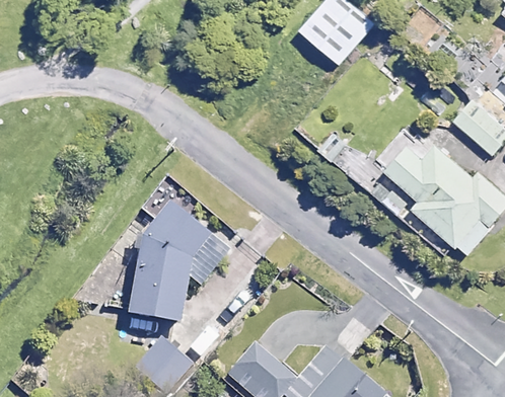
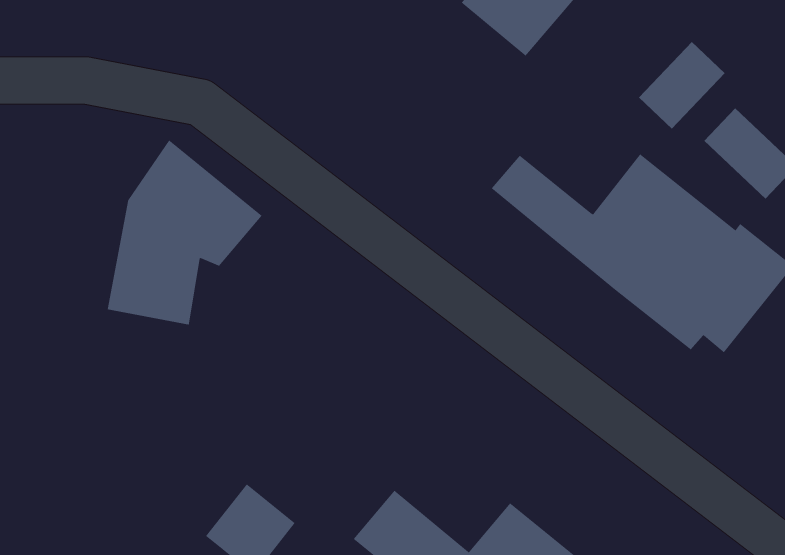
building: none -> [638,41,726,130]
building: [127,203,226,321] -> [107,140,262,325]

